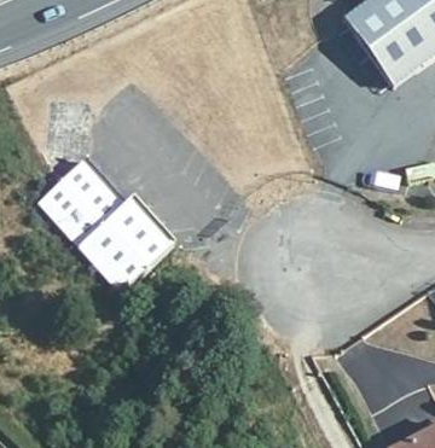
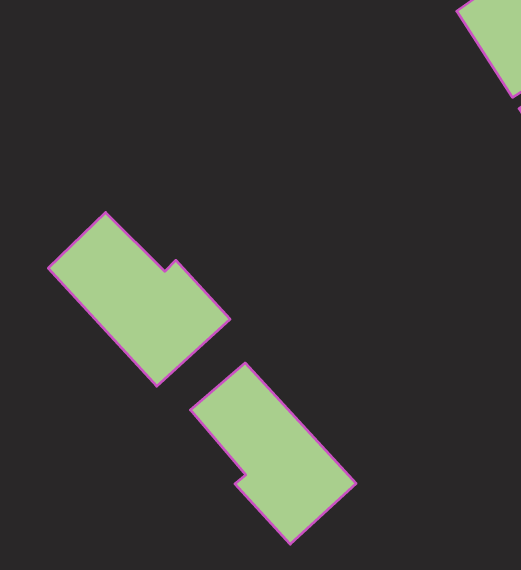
building: none -> [190,363,356,544]

